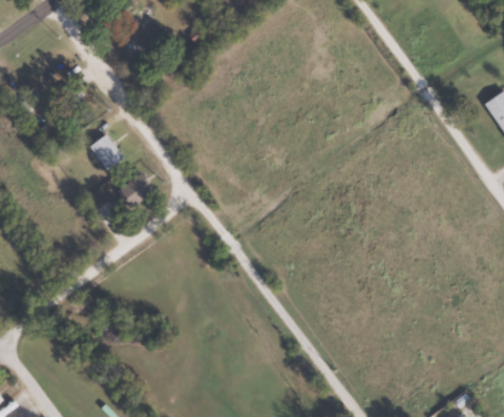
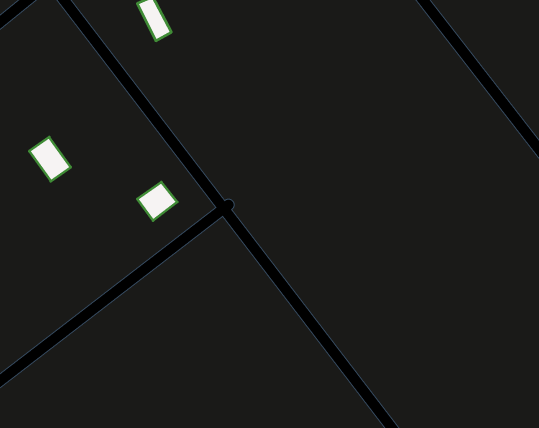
building: [89,133,124,170] -> [29,137,71,181]

